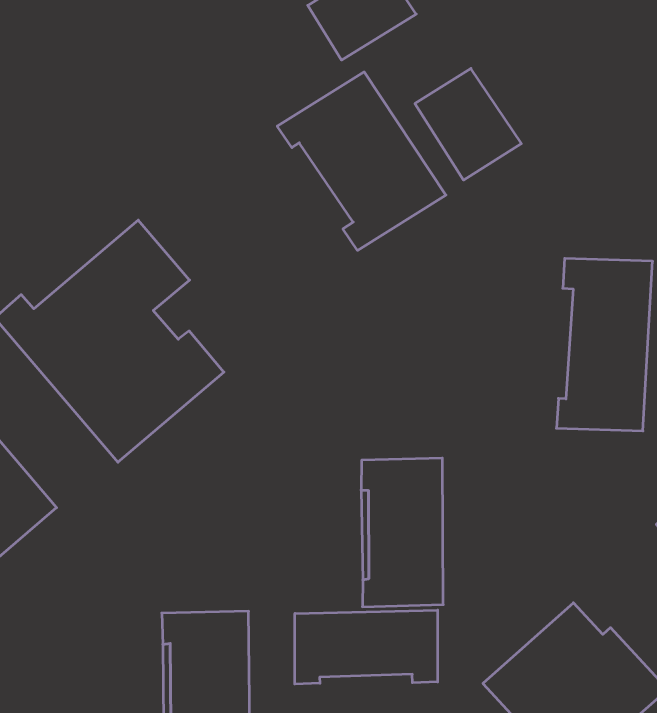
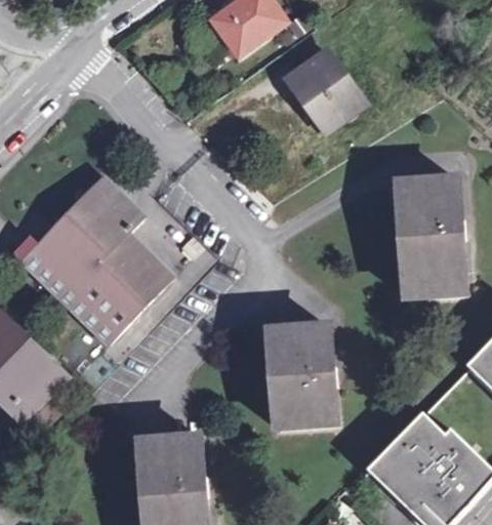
building: [277,72,446,250] -> none
building: [295,610,438,684] -> none

